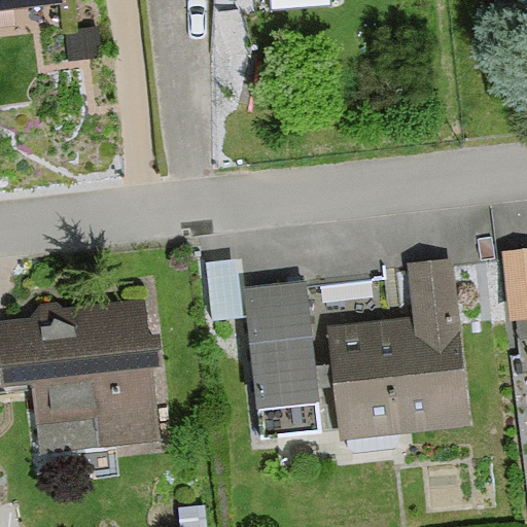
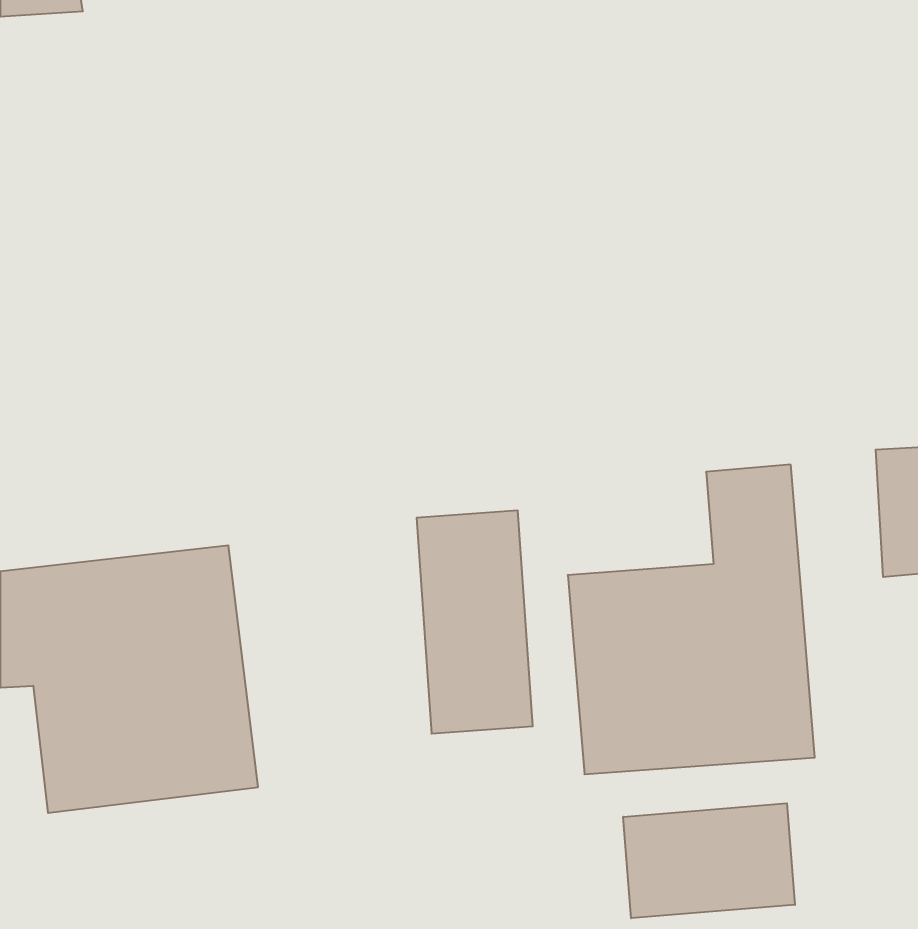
building: none -> [623,803,795,918]

